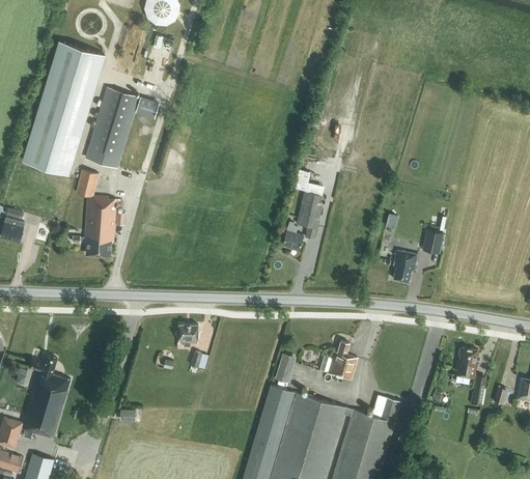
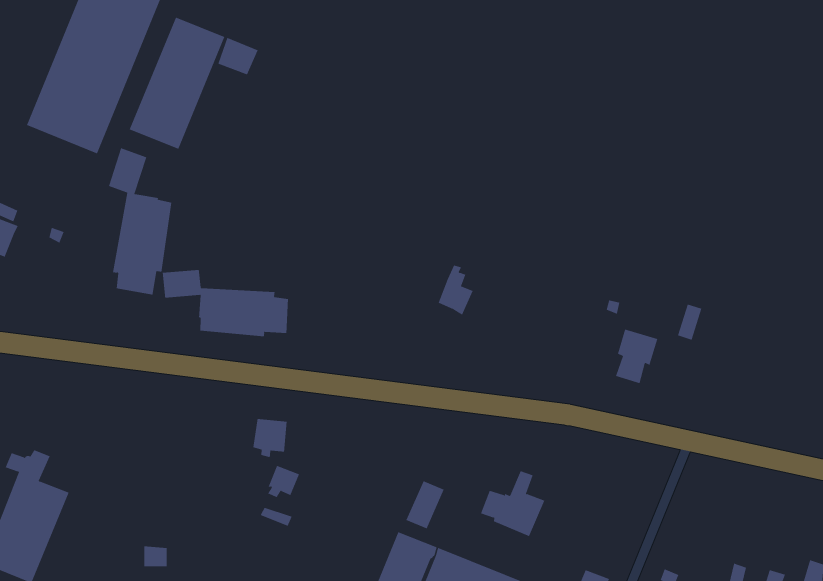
building: [296,192,323,240] -> none
building: none -> [162,269,289,337]
building: [453,348,476,379] -> none

